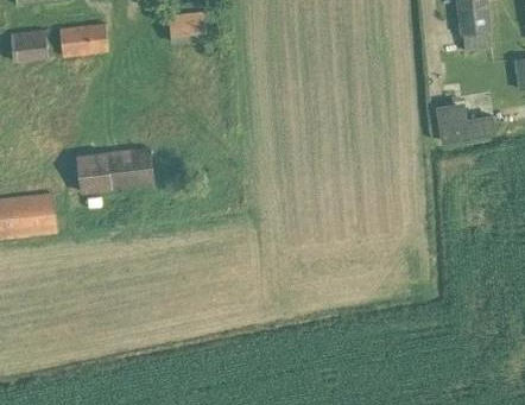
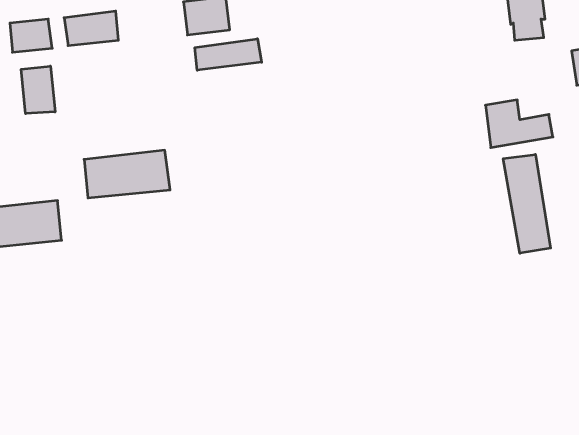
building: none -> [195,39,262,70]
building: none -> [21,66,55,114]
building: none -> [503,154,551,253]

